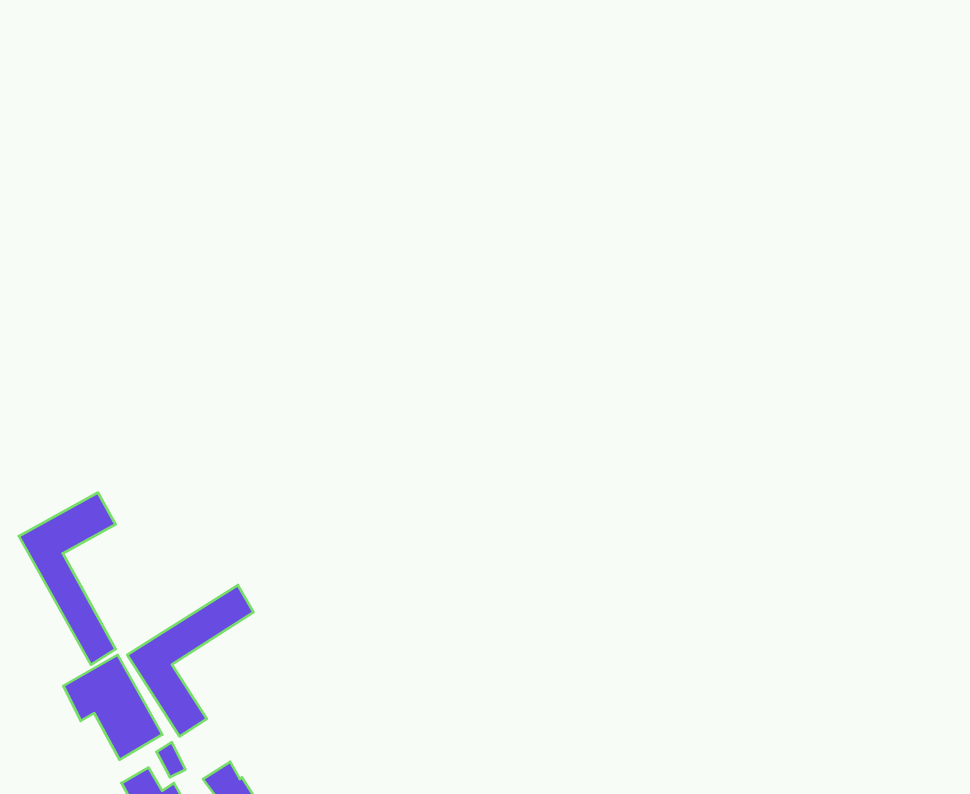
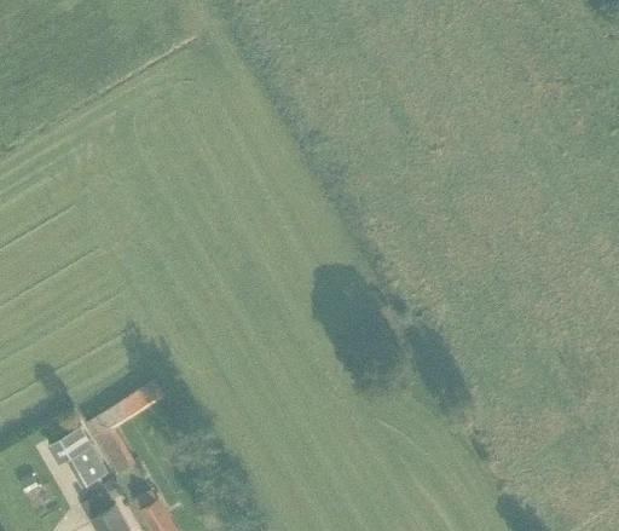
building: [19,493,116,665] -> none

